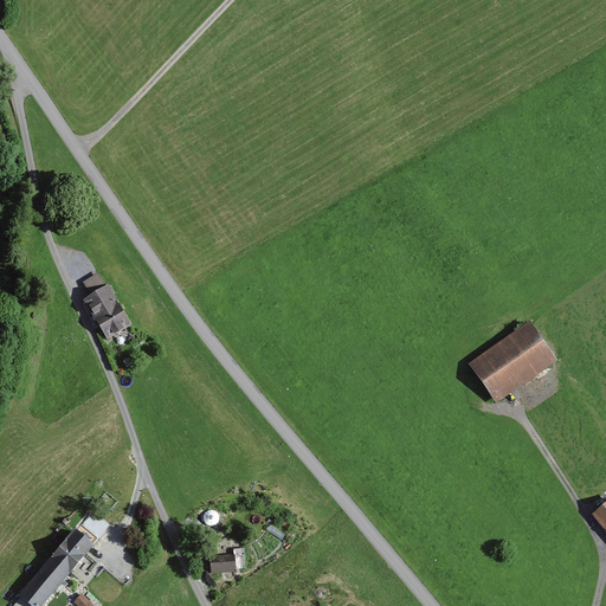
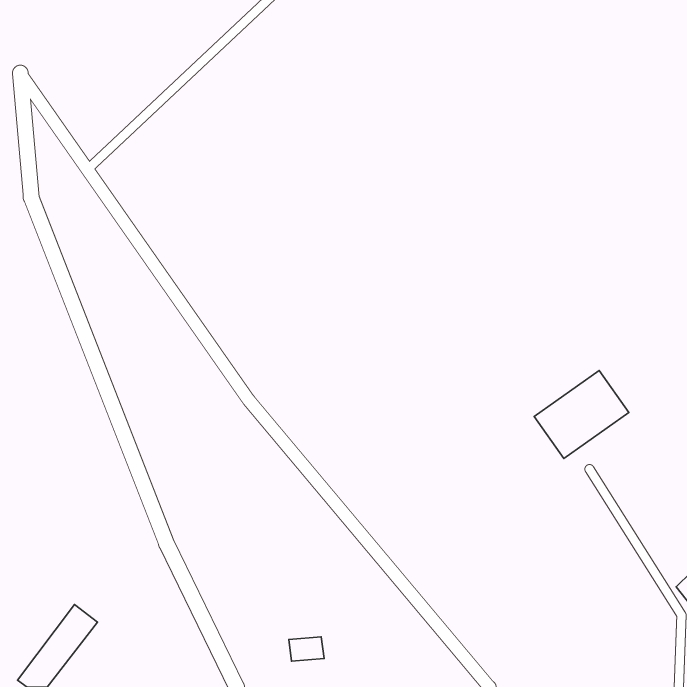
building: [90,290,130,337] -> none
building: [209,550,240,572] -> [289,637,324,661]

